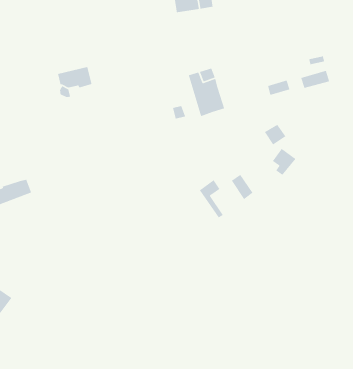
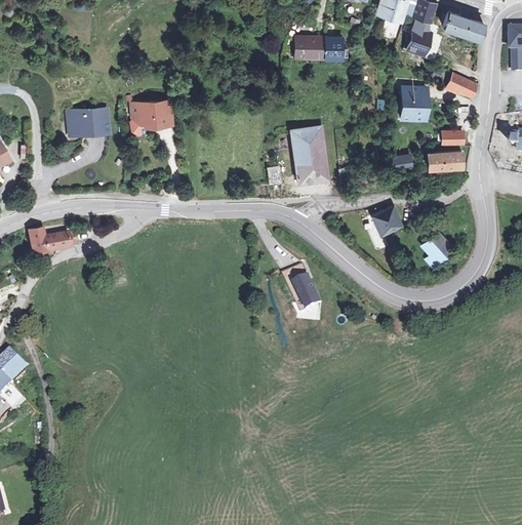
building: none -> [444,73,475,97]
building: none -> [404,86,427,119]
building: none -> [69,114,105,137]
building: [272,148,296,176] -> [421,232,452,267]
building: [231,174,254,200] -> [295,277,321,310]

